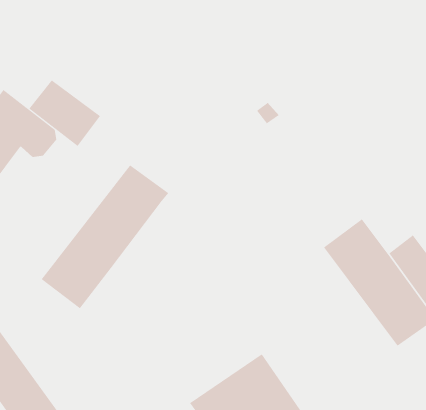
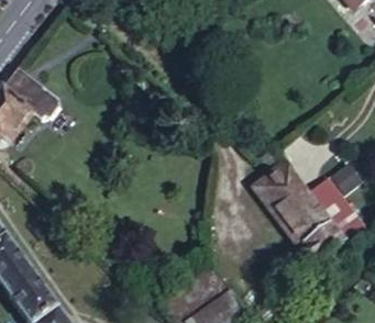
building: [29,79,101,147] -> none
building: [41,165,169,309] -> none

